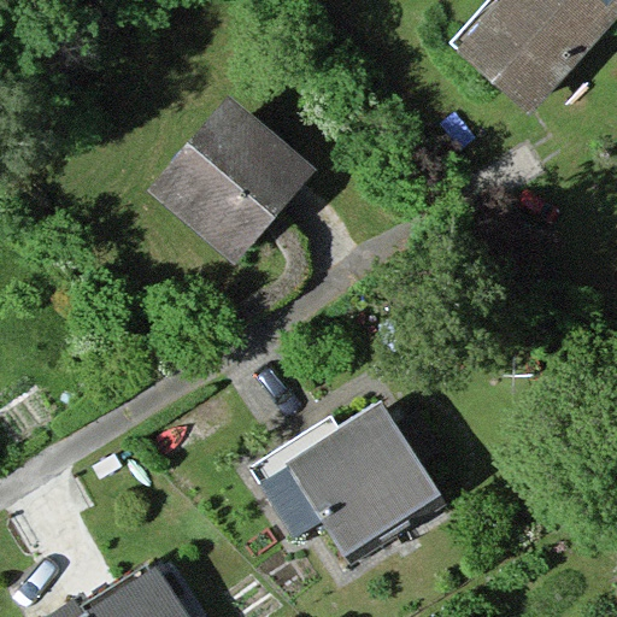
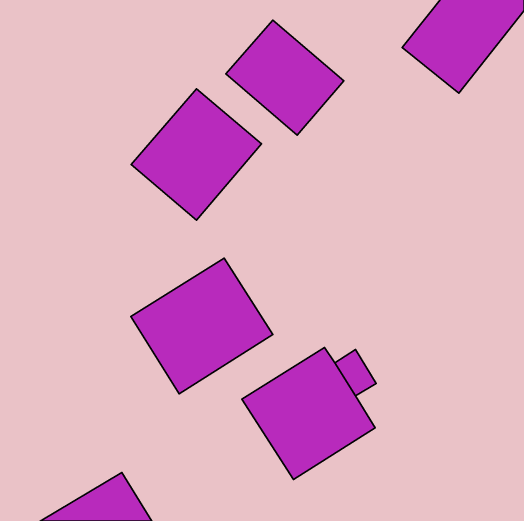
building: none -> [226,20,344,135]
building: none -> [131,258,273,394]

